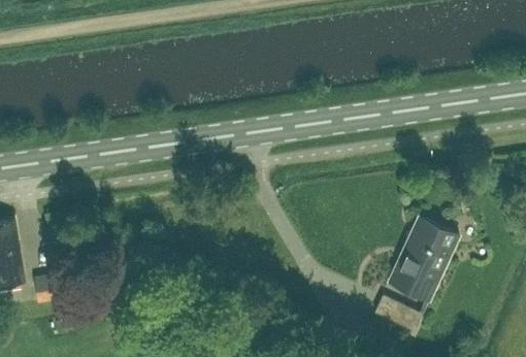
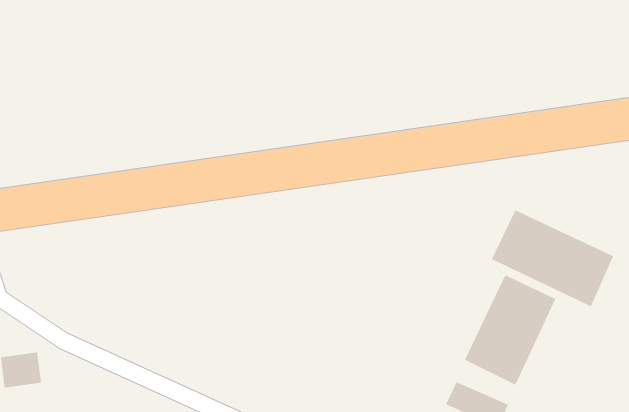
building: none -> [491,209,614,307]

